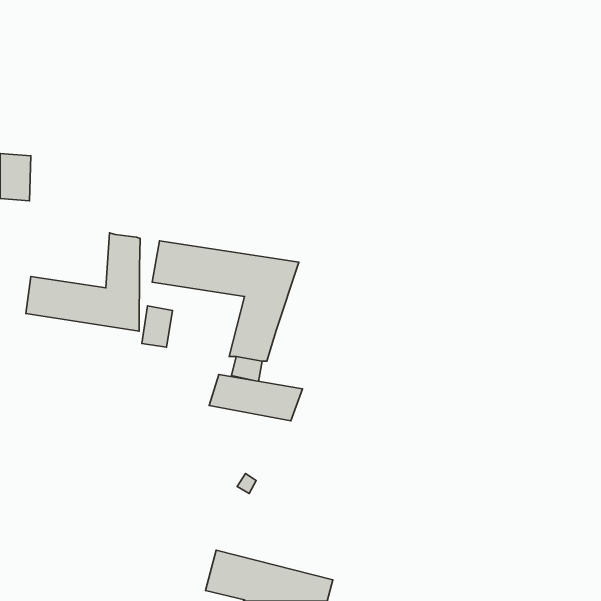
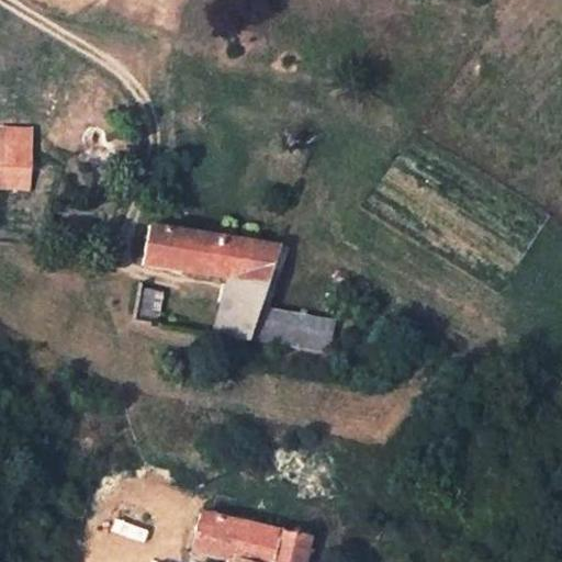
building: [26,233,140,331] -> none
building: [209,375,303,421] -> [250,307,337,350]

